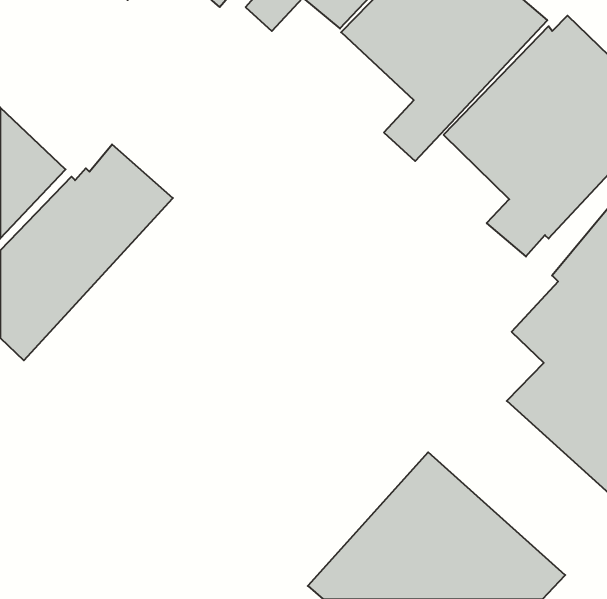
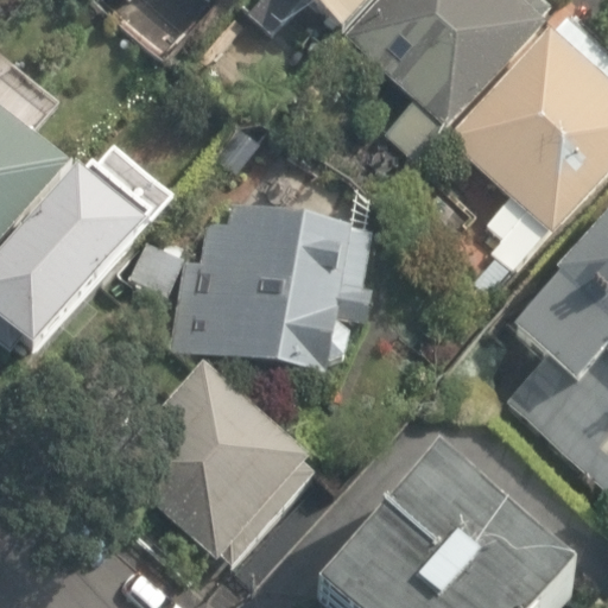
building: none -> [169,202,372,372]
building: none -> [109,361,316,564]

